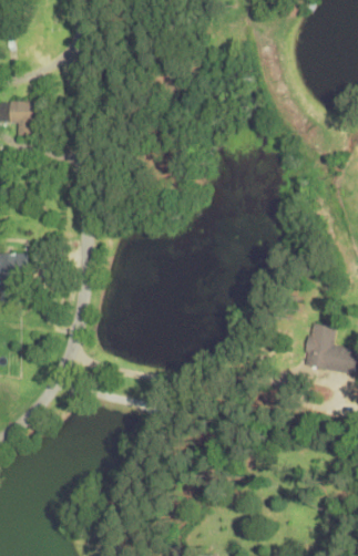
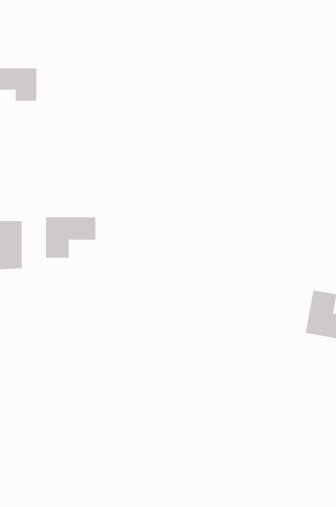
building: none -> [45,217,96,258]

